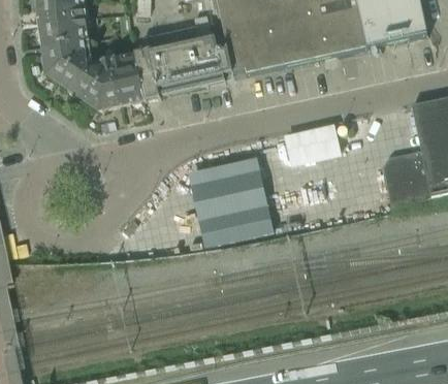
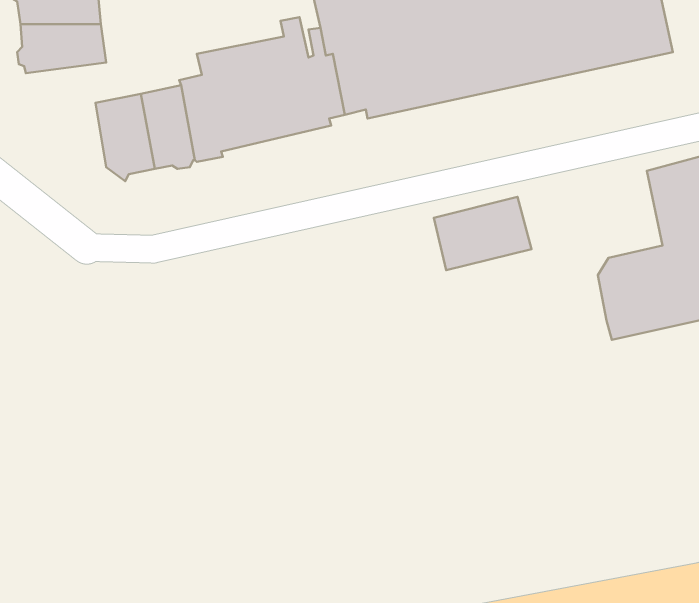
building: [42,40,93,102] -> none
building: [187,165,270,249] -> none

